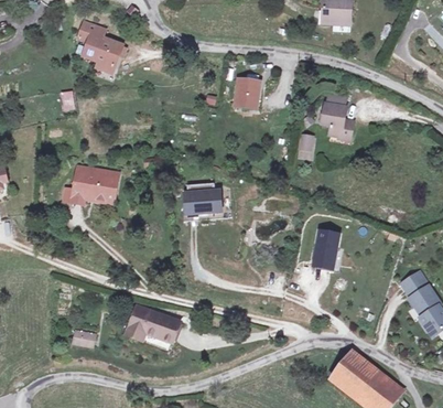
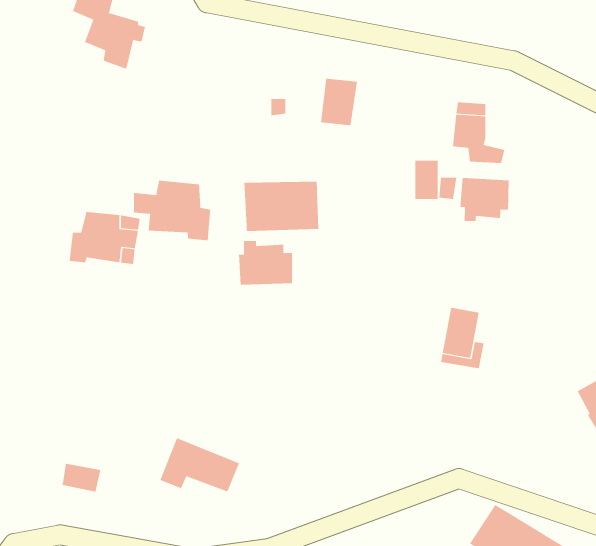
building: none -> [460,177,509,222]
building: none -> [133,180,211,241]
building: none -> [244,181,319,232]

